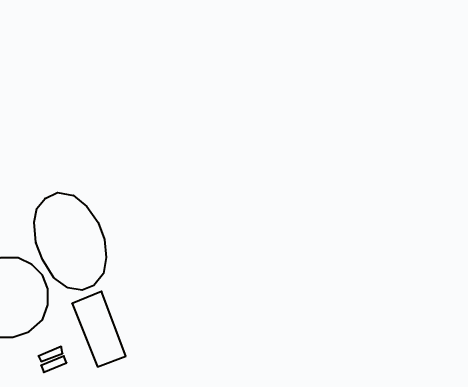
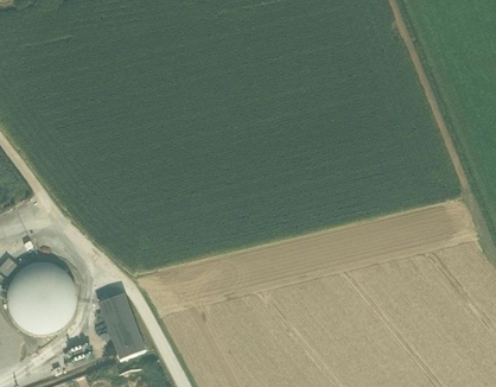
building: [34,193,106,290] -> none

